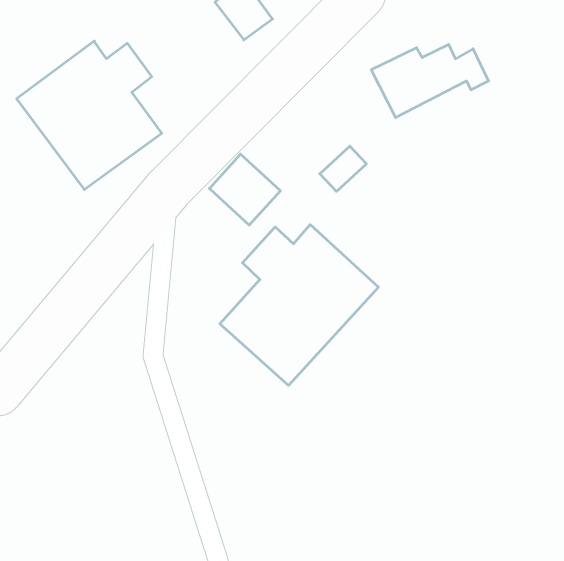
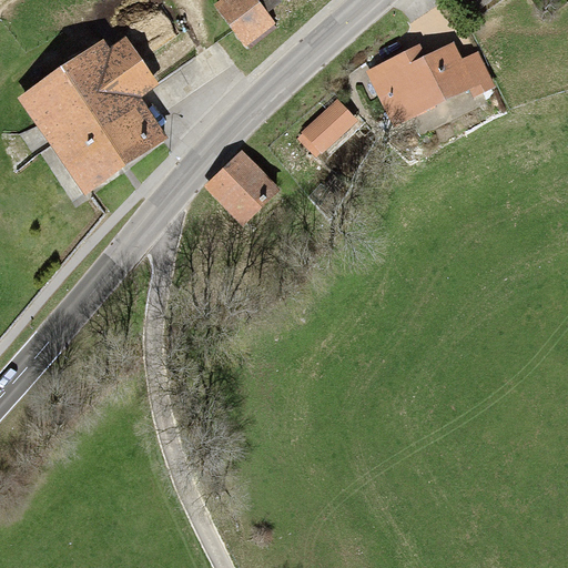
building: [320,146,366,191] -> [307,103,354,149]
building: [220,225,378,385] -> none

